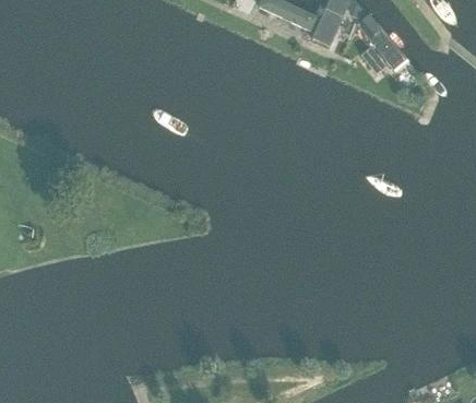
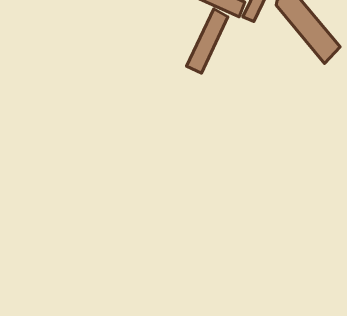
building: none -> [187,9,228,73]

